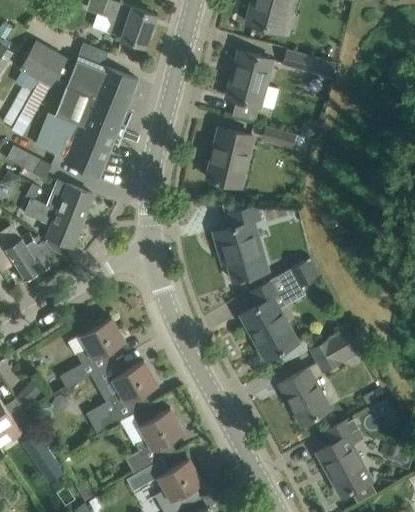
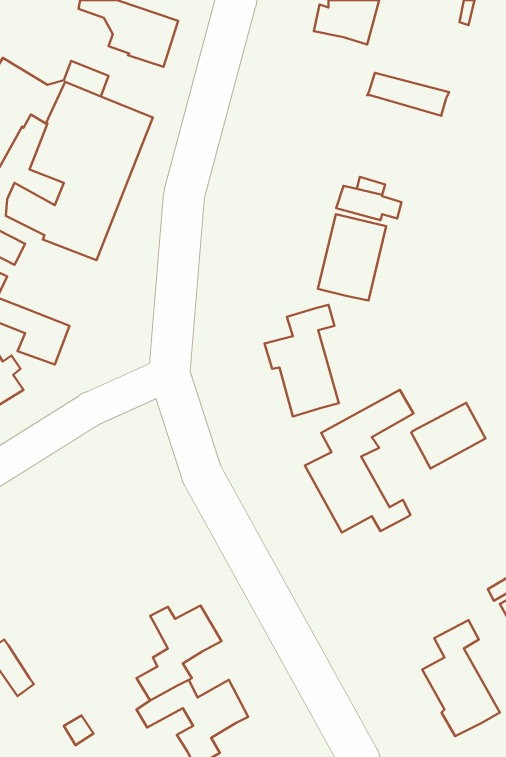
building: [226,52,272,107] -> none
building: [206,129,252,187] -> [318,214,386,301]
building: [46,181,92,221] -> none
building: [60,318,125,389] -> none
building: [310,329,360,373] -> [411,403,485,468]
building: [94,362,157,432] -> none
building: [279,369,330,425] -> none

